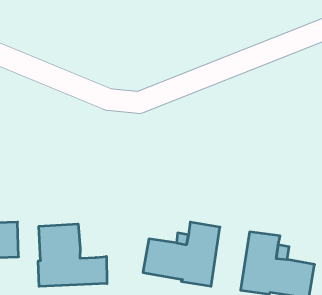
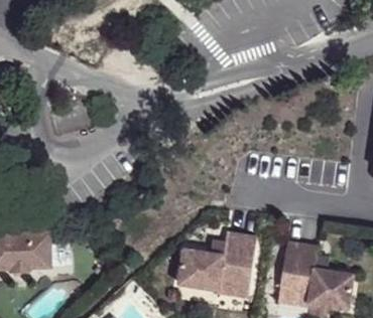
building: [38,224,107,286] -> none

